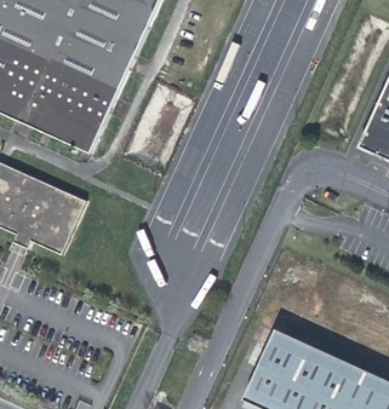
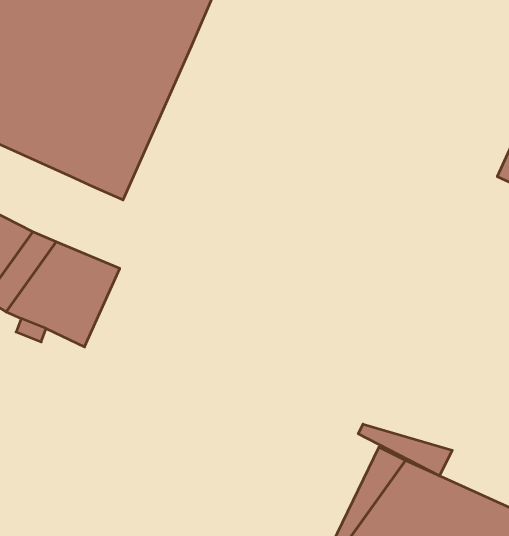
building: none -> [358,424,452,476]

